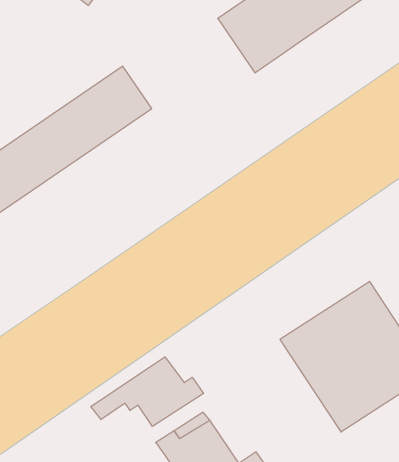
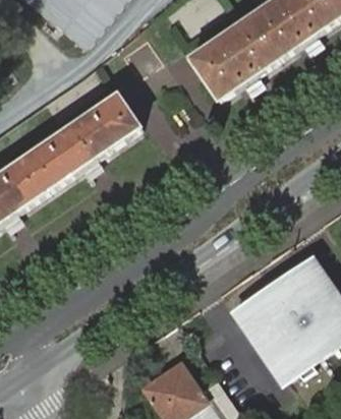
building: [91,357,204,426] -> none

